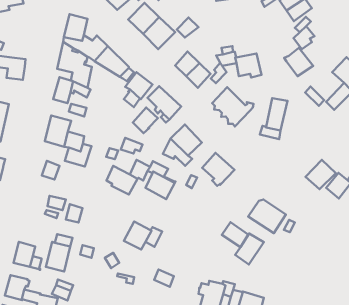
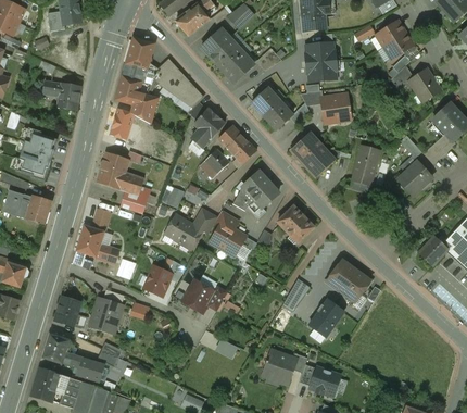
building: none -> [305,42,337,82]
building: [284,48,313,76] -> [408,68,441,101]
building: [306,160,336,189] -> [397,161,432,195]
building: none -> [76,225,104,256]
building: none -> [143,265,173,296]

